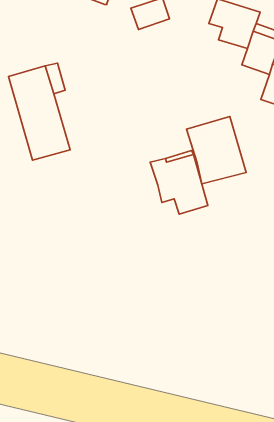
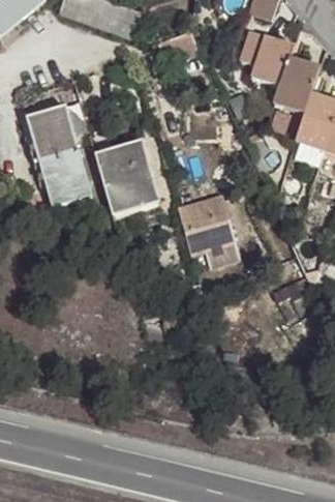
building: [186,117,246,184] -> [94,140,158,212]

